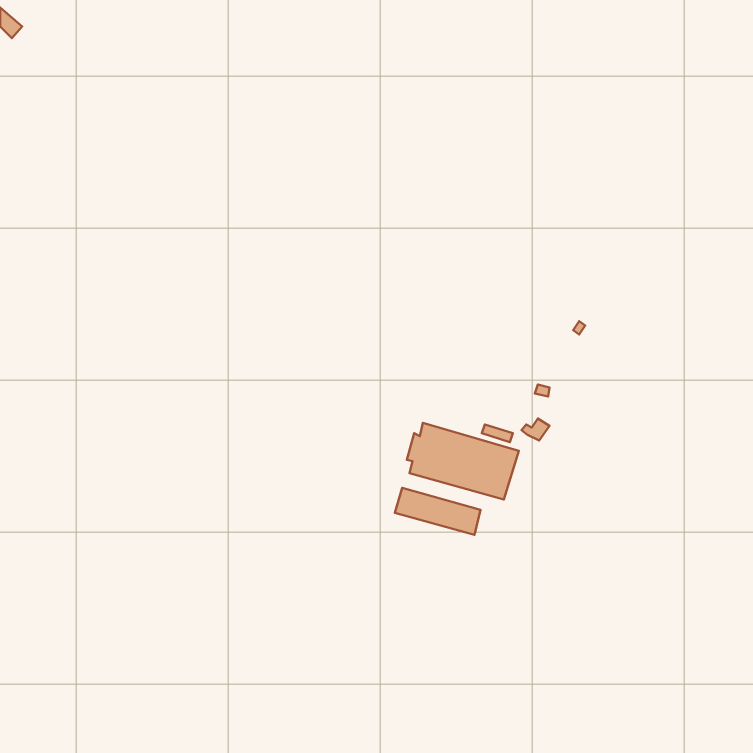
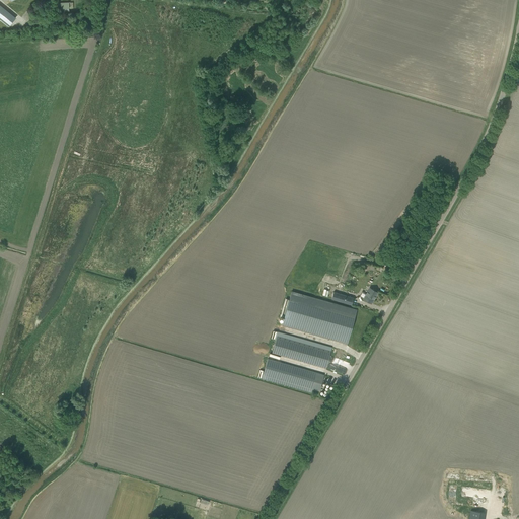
building: none -> [257,359,324,391]

